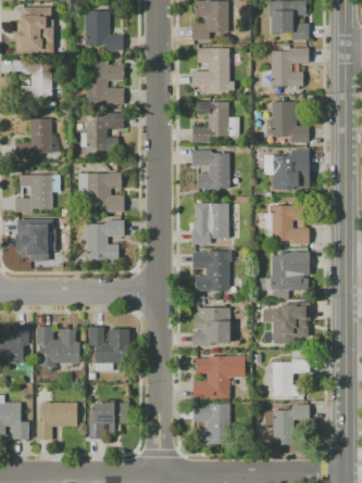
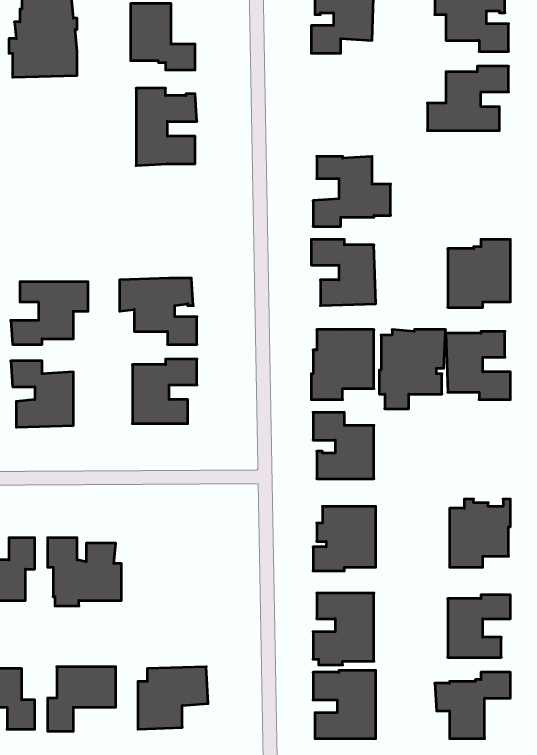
building: [192,48,229,87] -> none
building: [15,60,52,98] -> none
building: [273,102,309,142] -> none
building: [87,113,124,151] -> none
building: [16,119,58,158] -> none
building: [272,252,311,298] -> [379,330,446,409]
building: [90,327,130,370] -> none

